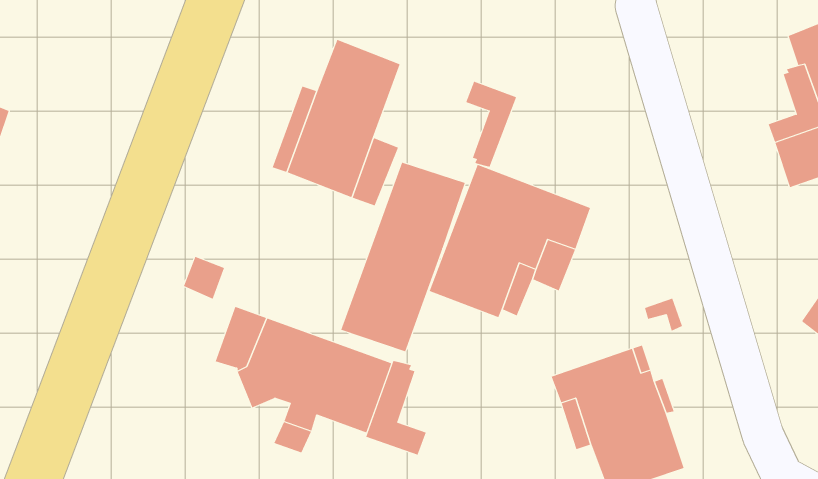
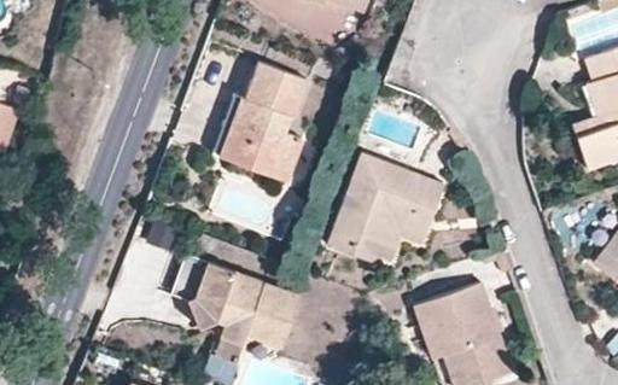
building: [466,81,517,167] -> none
building: [341,162,466,352] -> none
building: [366,360,426,456] -> none

